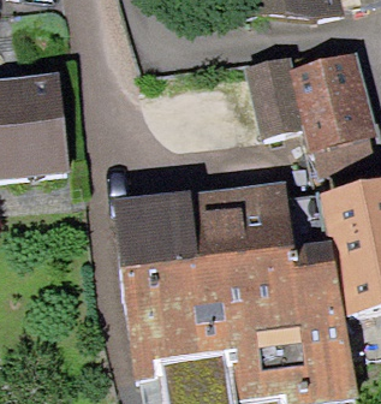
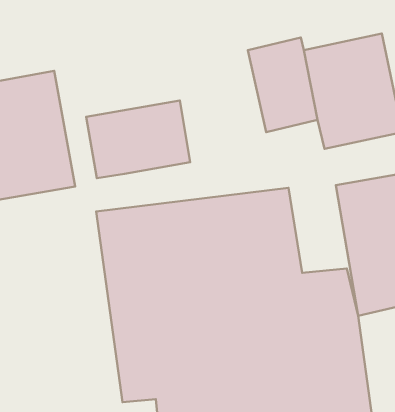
building: none -> [86,101,190,178]

